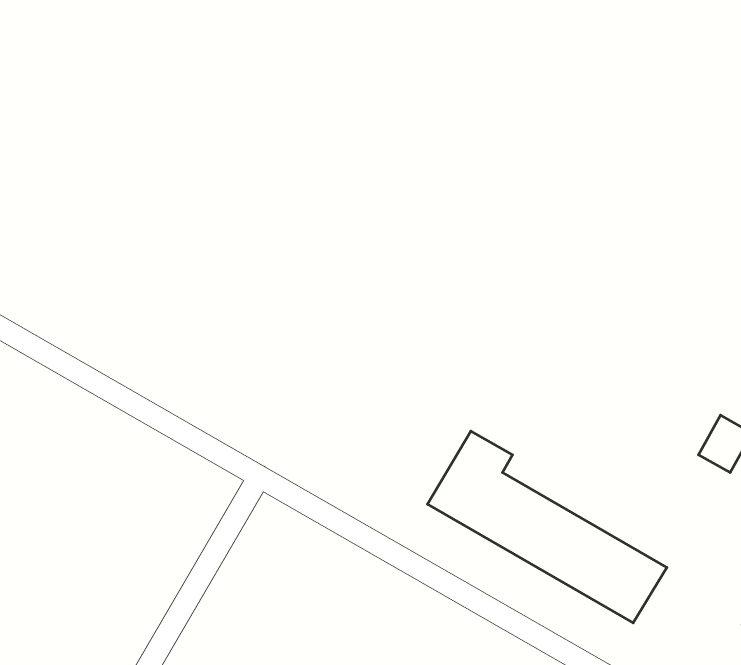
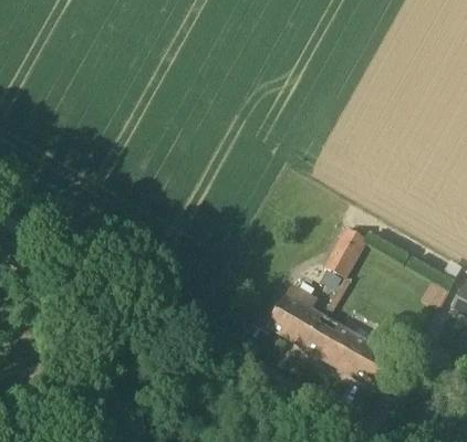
building: none -> [324,228,365,276]

